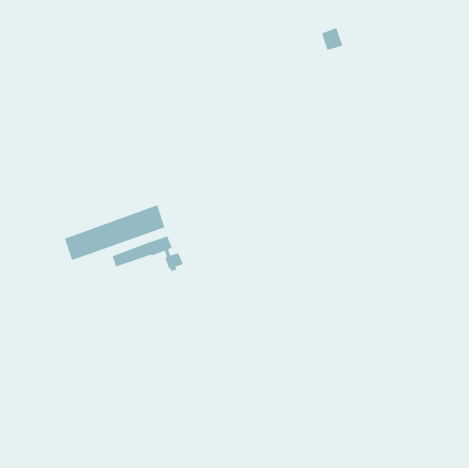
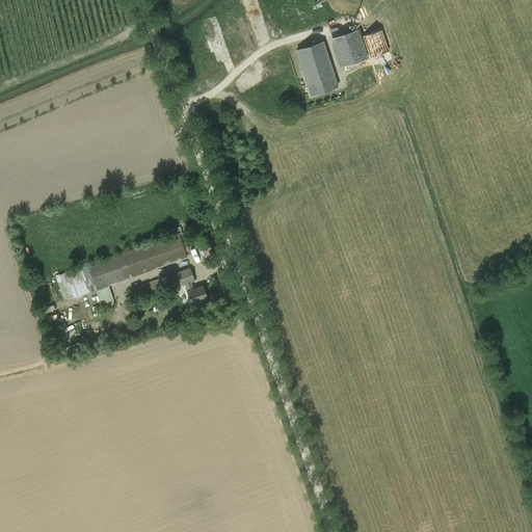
building: none -> [329,30,368,69]
building: none -> [296,43,337,97]

